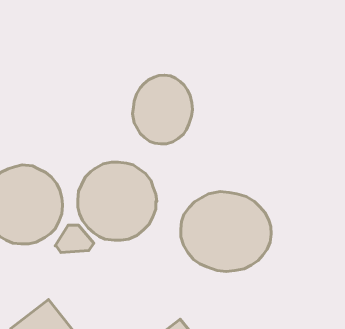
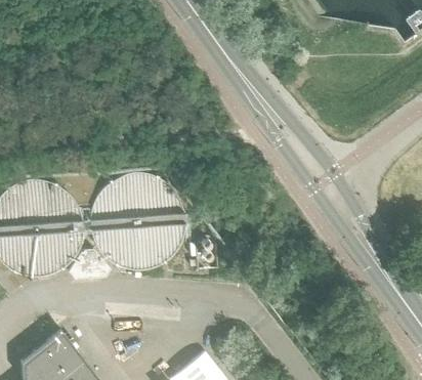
building: [133,75,192,144] -> none
building: [181,192,271,272] -> none

